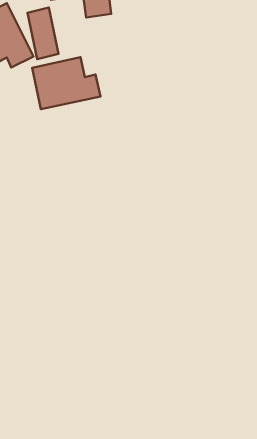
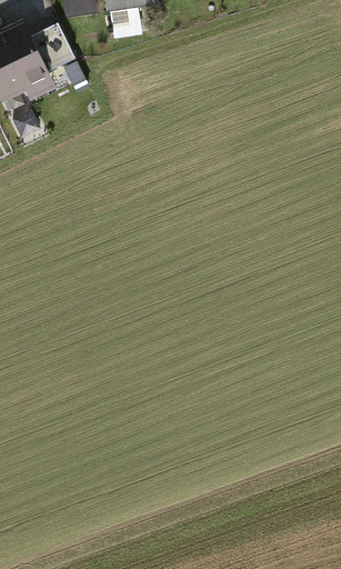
building: [32,57,101,109] -> none

